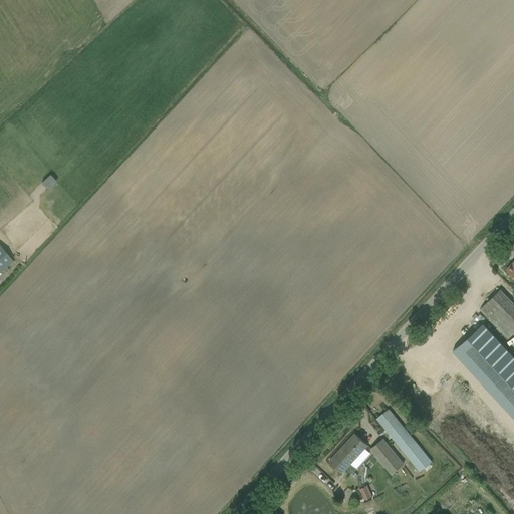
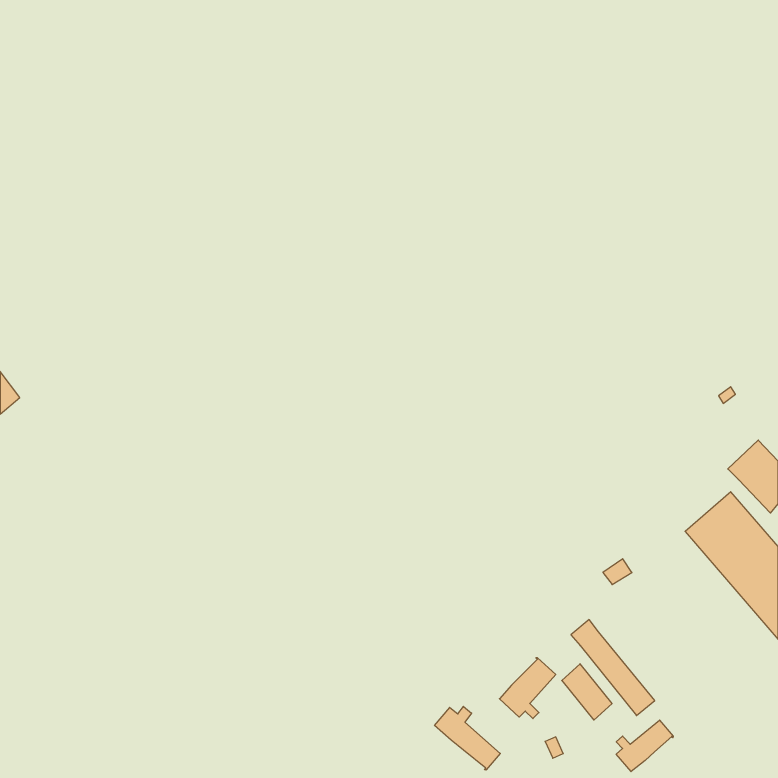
building: none -> [435,706,500,770]
building: none -> [616,720,673,772]

